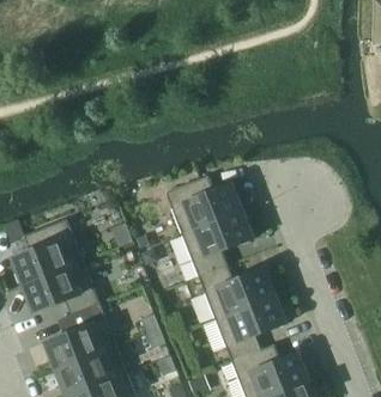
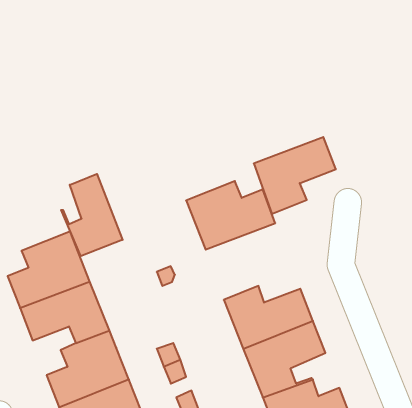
building: none -> [61,174,123,256]
building: [181,212,252,277] -> [254,137,336,214]

